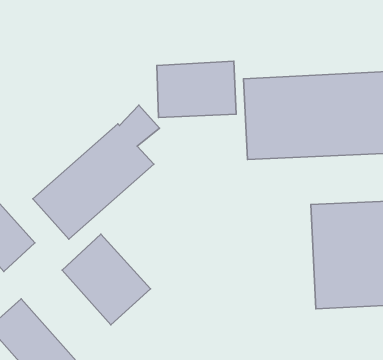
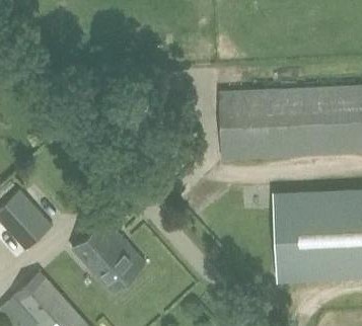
building: [157,61,236,118] -> none
building: [33,105,159,239] -> none

